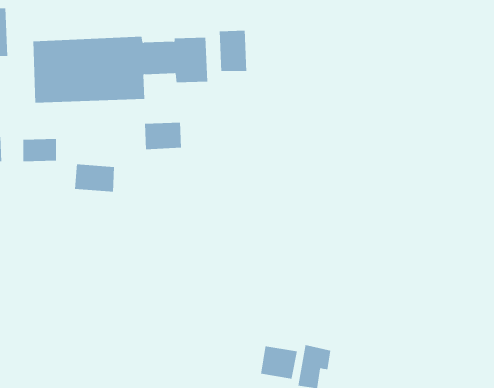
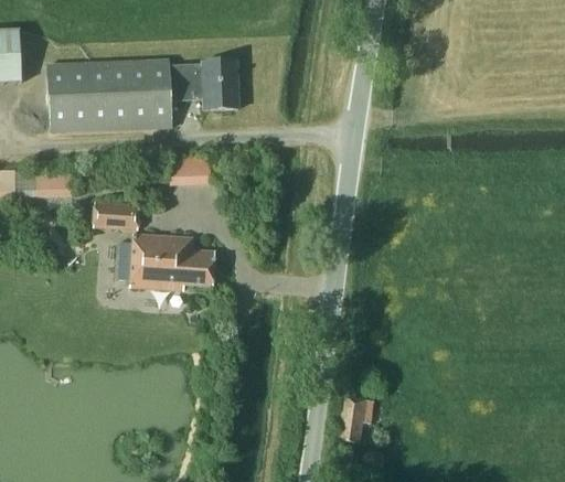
building: [219,30,247,72] -> none
building: none -> [129,235,213,290]
building: [260,345,298,379] -> none

